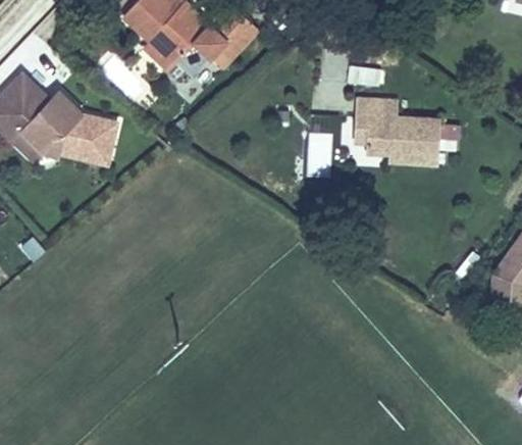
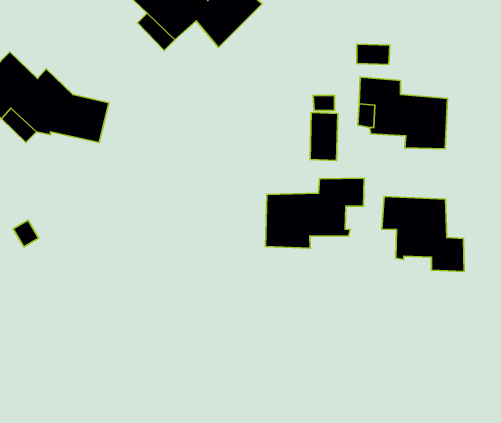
building: none -> [266,178,364,248]
building: none -> [382,197,464,272]

